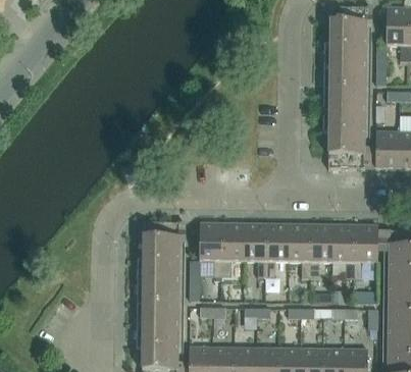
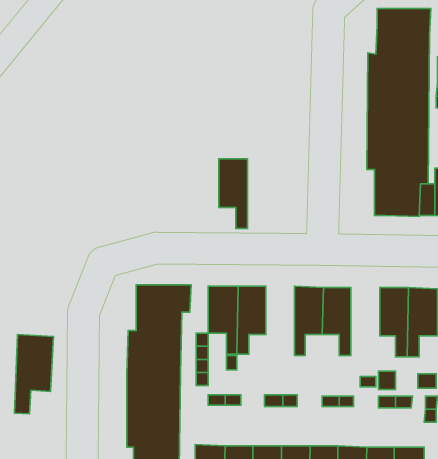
building: [245,223,267,277] -> [219,159,248,228]
building: [311,224,333,277] -> none
building: none -> [15,334,54,414]

